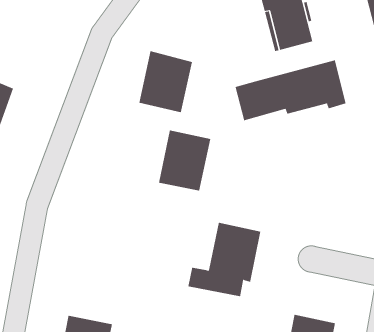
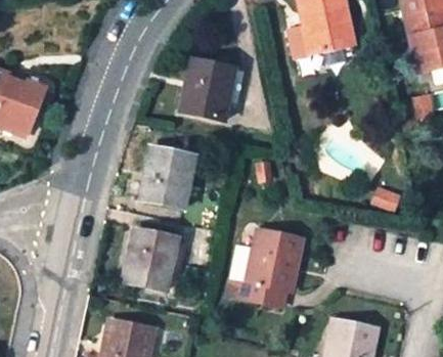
building: [235,59,346,121] -> none
building: [158,130,211,191] -> [140,147,193,209]
building: none -> [124,231,175,292]

